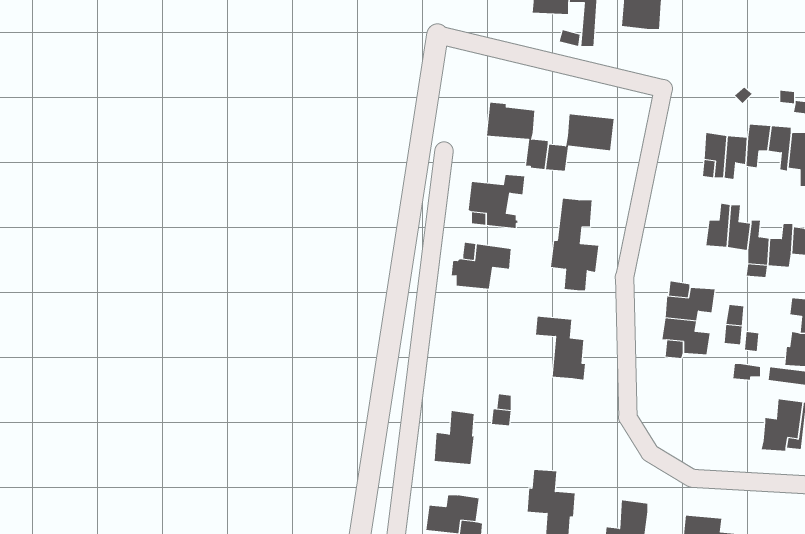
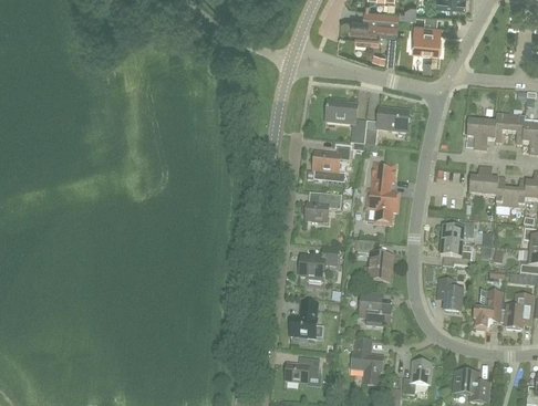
building: none -> [299,246,338,282]
building: none -> [436,278,462,311]
building: none -> [474,290,504,330]
building: none -> [359,291,391,325]

